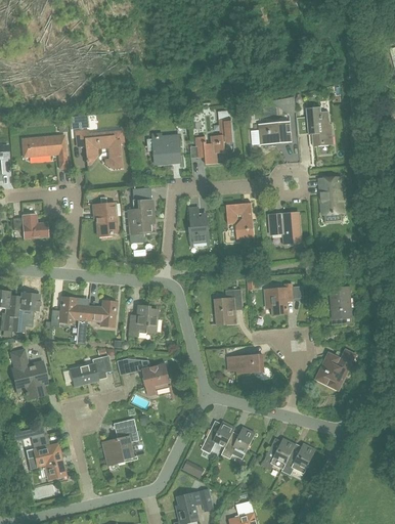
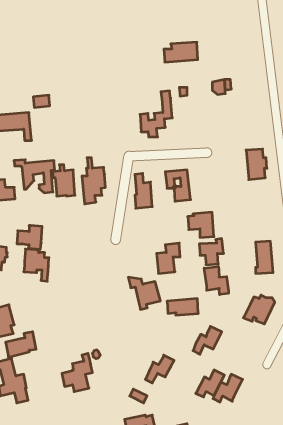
building: [306,106,334,145] -> none
building: [250,122,290,145] -> [164,42,198,62]
building: [74,130,122,169] -> [14,160,55,193]
building: [144,133,180,164] -> none
building: [269,213,300,243] -> [188,212,214,237]
building: [86,300,116,328] -> [17,226,42,249]
building: [128,306,156,337] -> none
building: none -> [204,267,229,295]
building: [70,357,105,387] -> [6,332,36,357]
building: [133,359,171,397] -> [128,277,160,309]
building: [221,426,255,458] -> [193,326,222,354]

